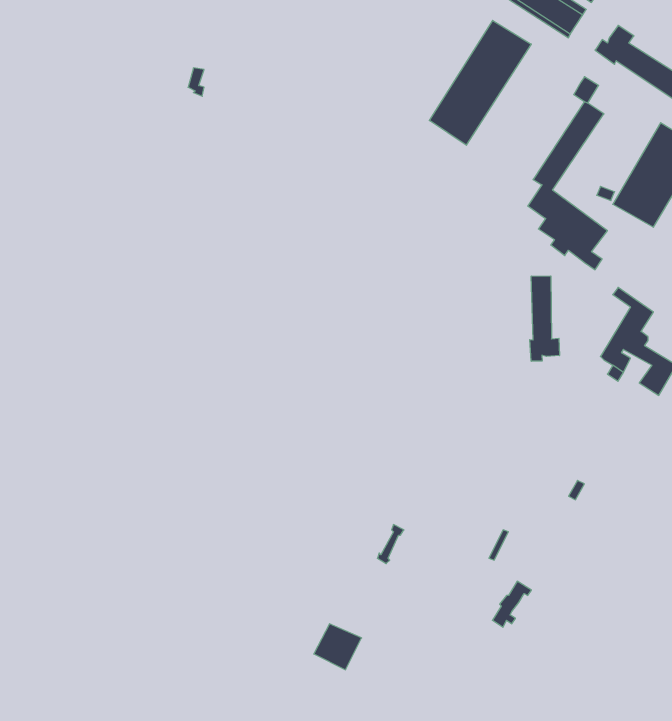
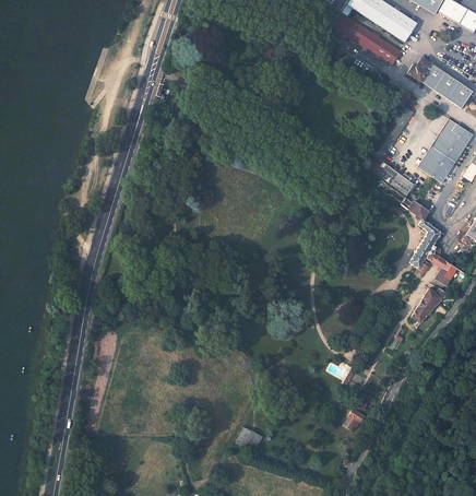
building: [429,20,531,145] -> none
building: [530,276,559,361] -> none
building: none -> [412,288,448,322]

